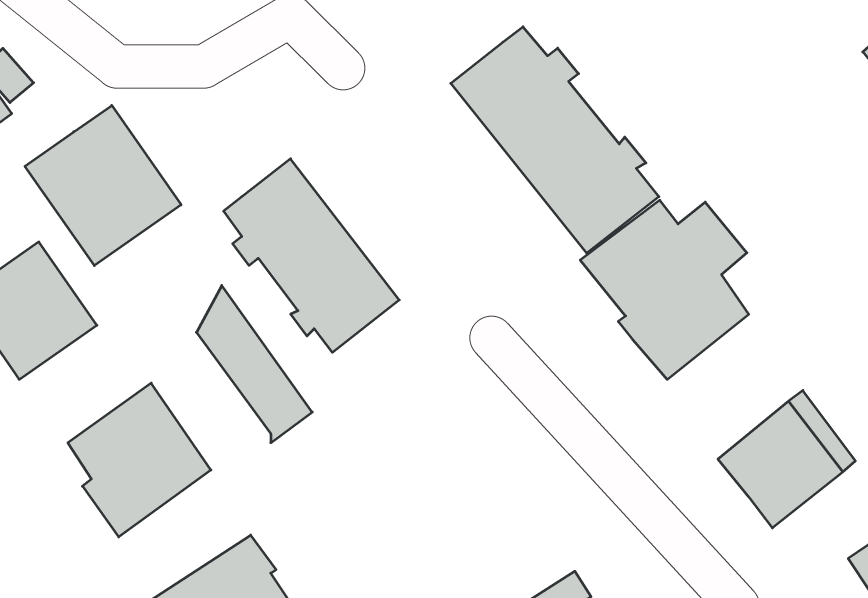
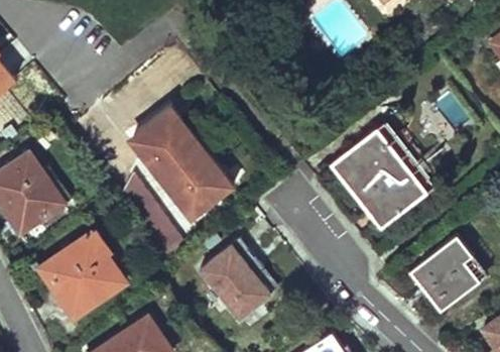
building: [451,27,659,253] -> none
building: [25,105,181,266] -> none
building: none -> [199,242,267,320]

